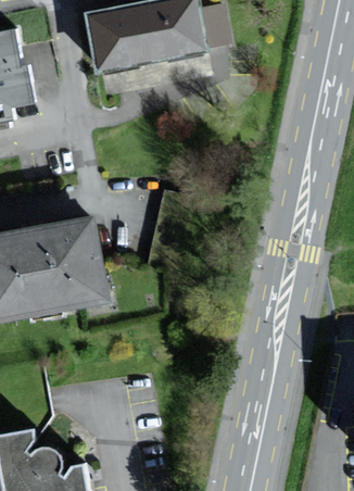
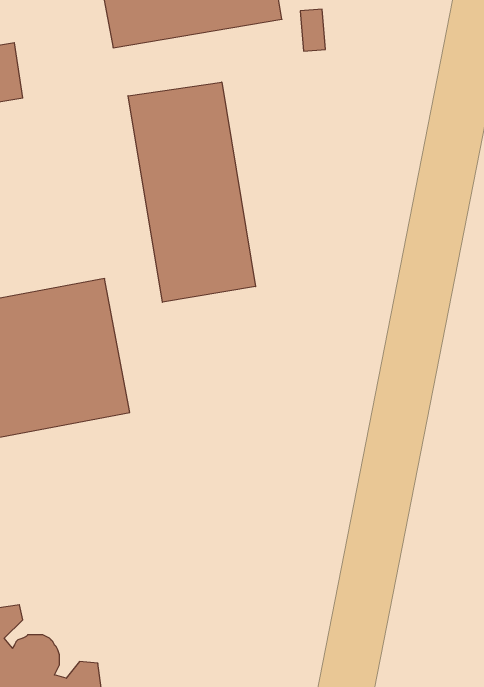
building: none -> [128,82,256,302]

